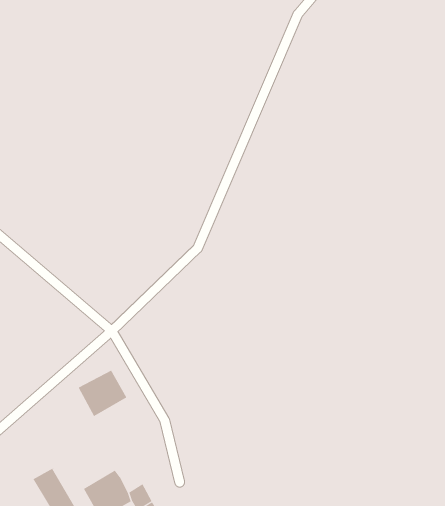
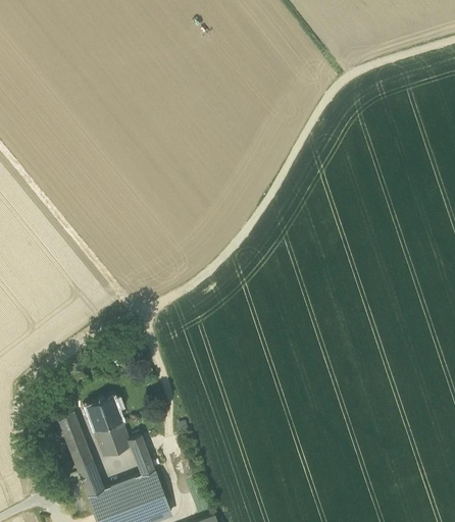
building: [78,370,127,417] -> [86,399,122,432]

